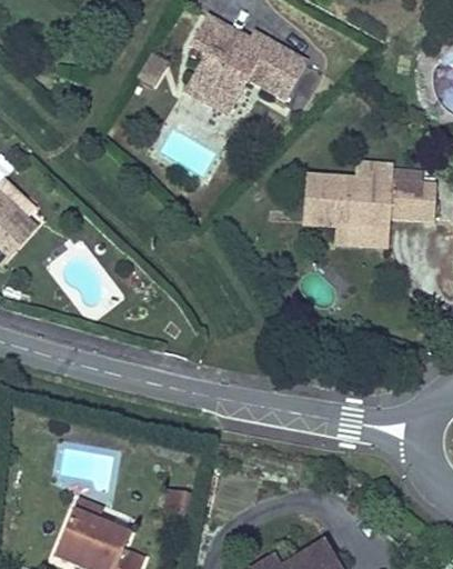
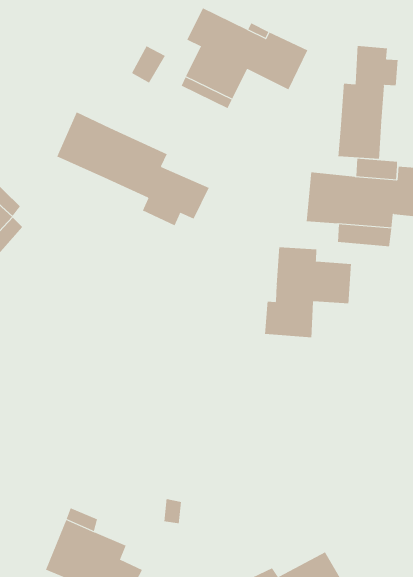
building: none -> [338,45,398,160]
building: none -> [56,112,209,226]
building: none -> [264,246,352,338]

